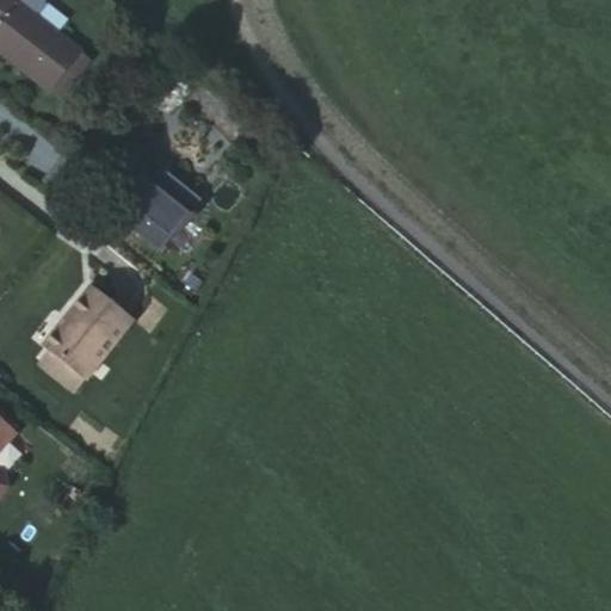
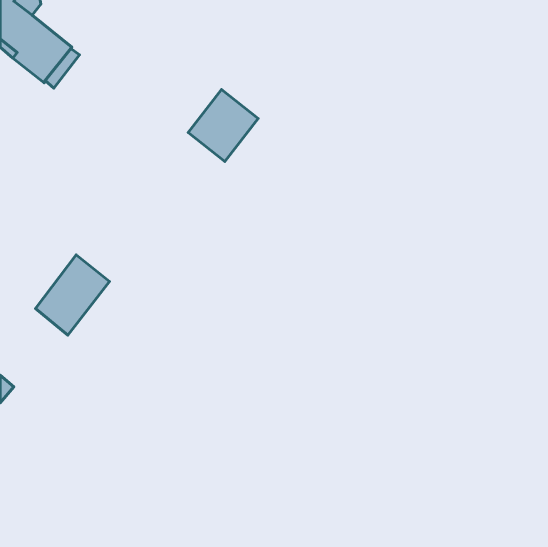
building: [130,178,208,258] -> [188,89,258,161]

